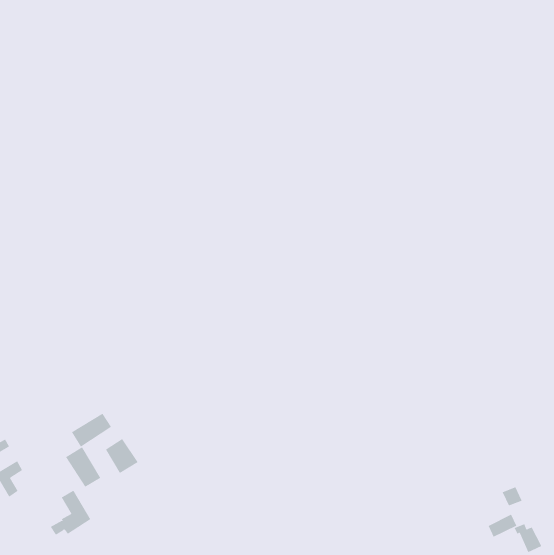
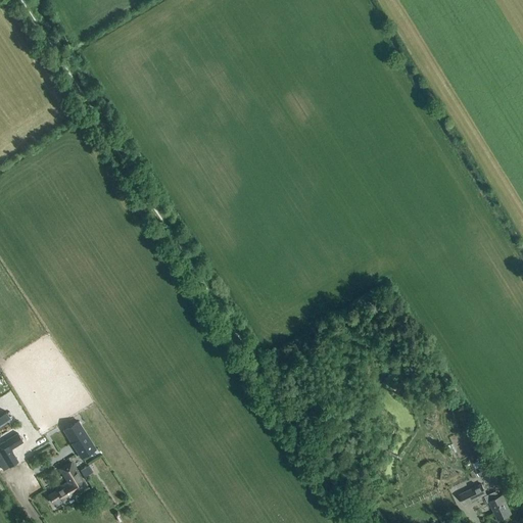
building: [71,413,112,447] -> none
building: [105,438,139,474] -> none

